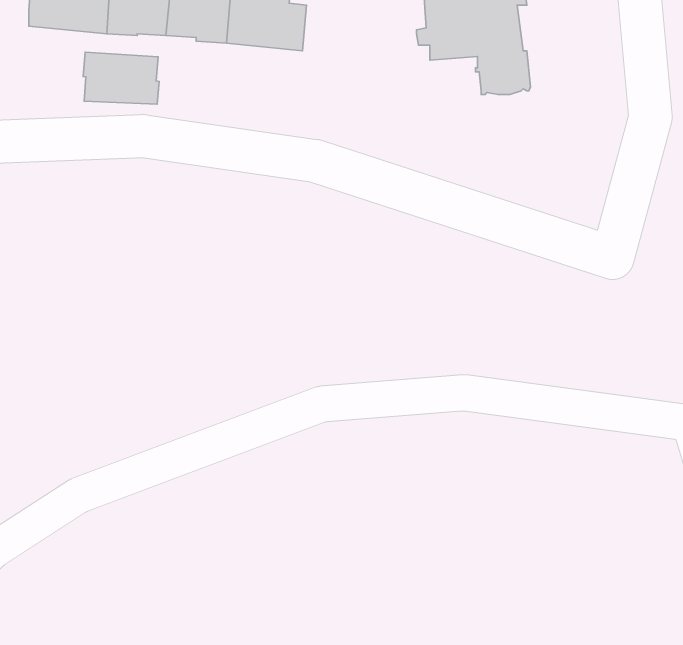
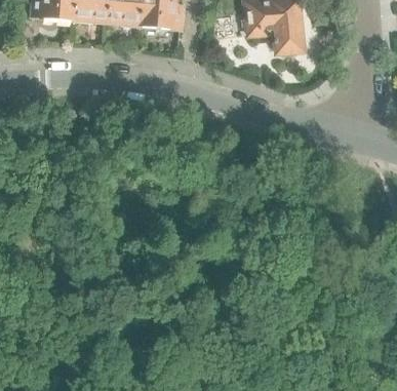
building: [83,52,159,104] -> none

